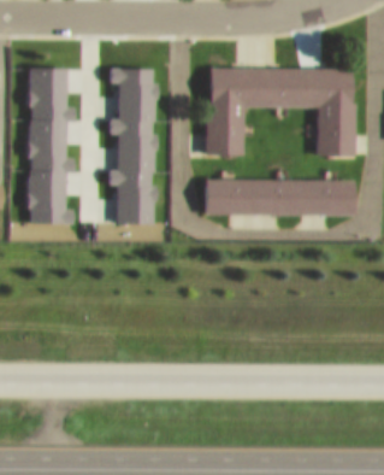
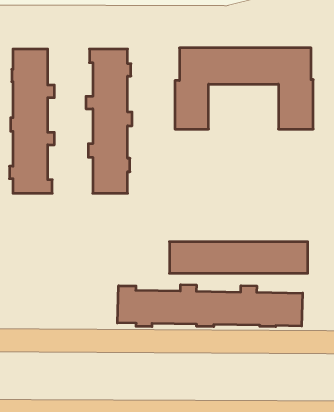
building: [205,178,353,212] -> [169,242,308,273]
building: none -> [117,285,303,327]

